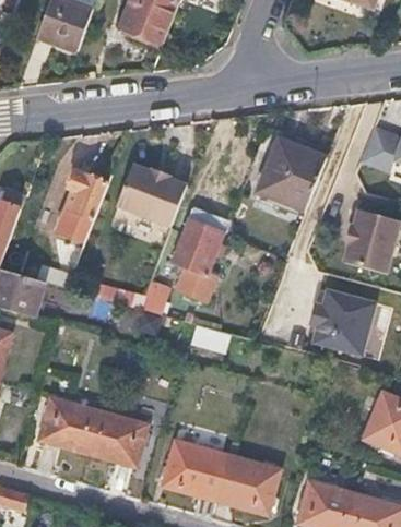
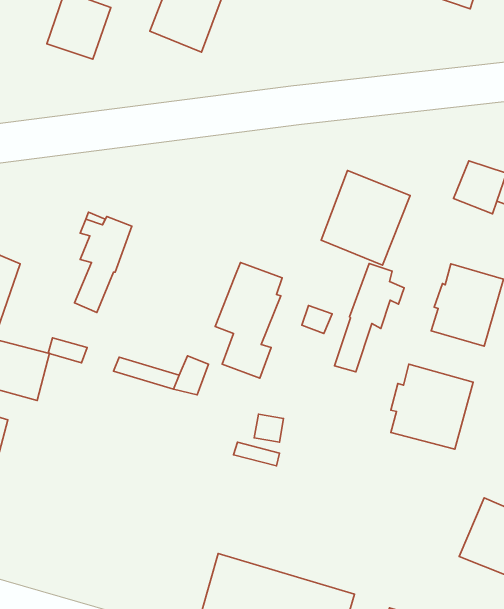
building: [117,165,187,226] -> none
building: none -> [335,263,404,372]
building: [37,396,146,466] -> none

